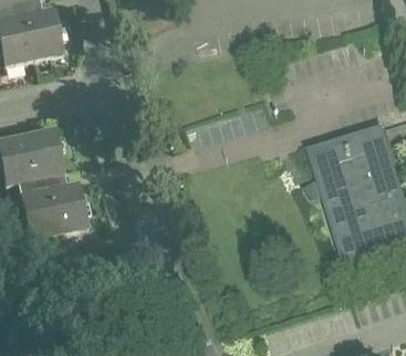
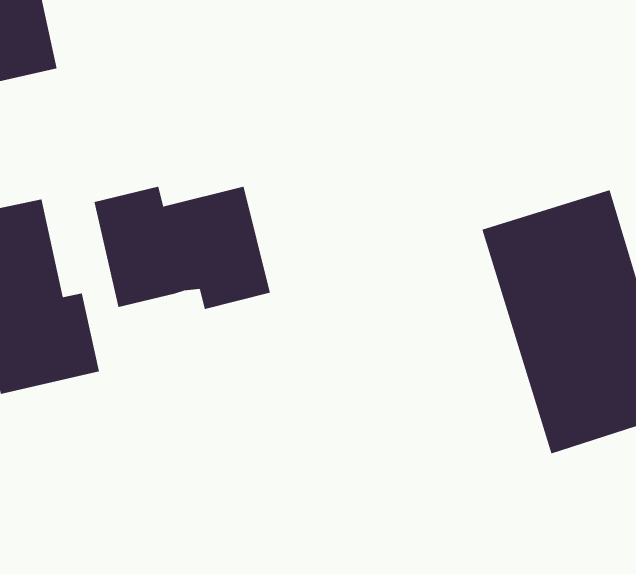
building: none -> [94,186,271,310]

